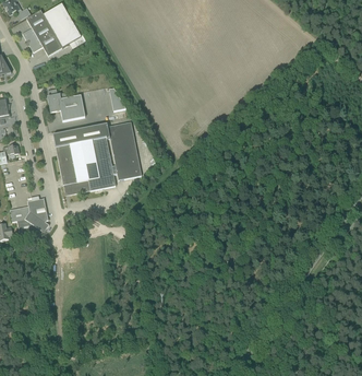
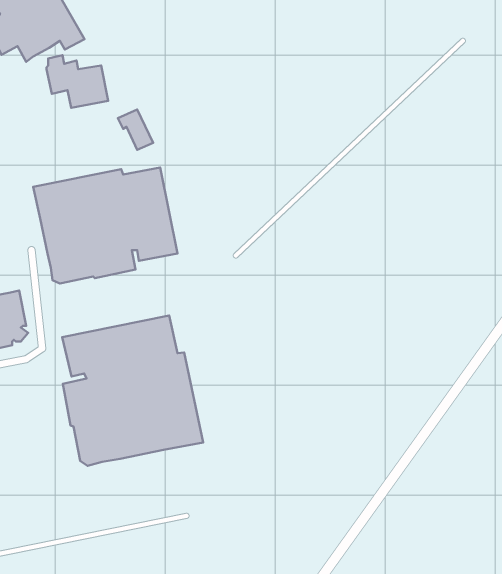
building: [47,87,85,120] -> [47,55,108,108]
building: none -> [62,315,203,466]

